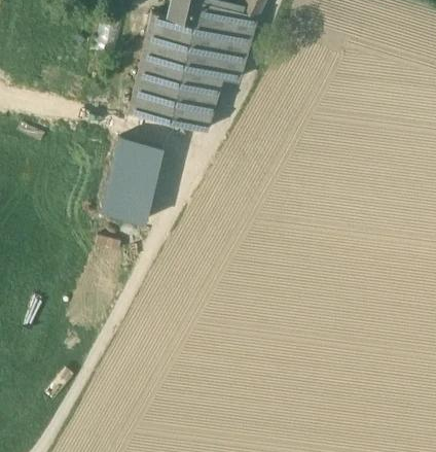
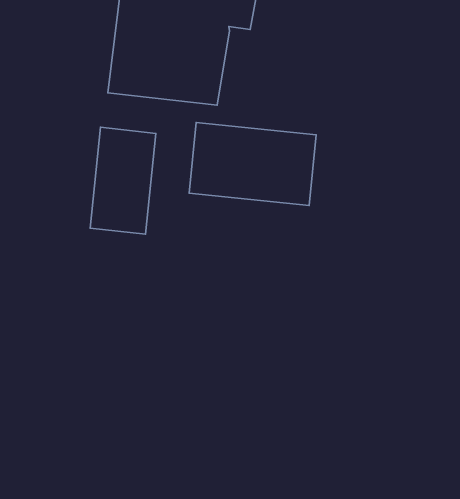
building: none -> [189,122,316,205]

